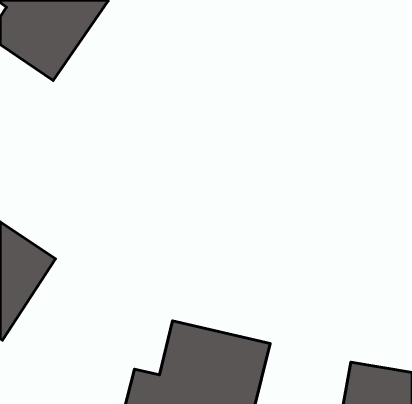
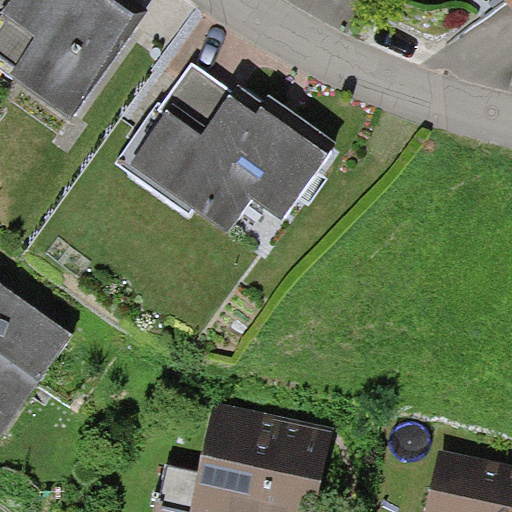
building: none -> [126,60,323,228]

